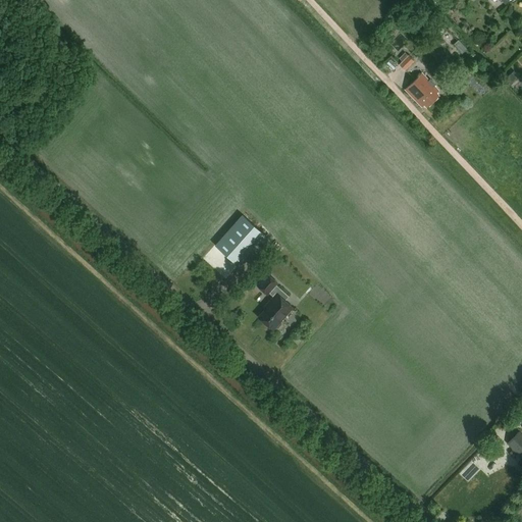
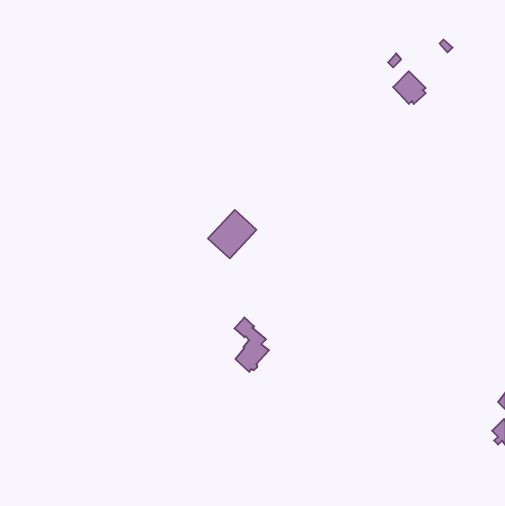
building: [258,274,294,330] -> [234,317,269,372]

